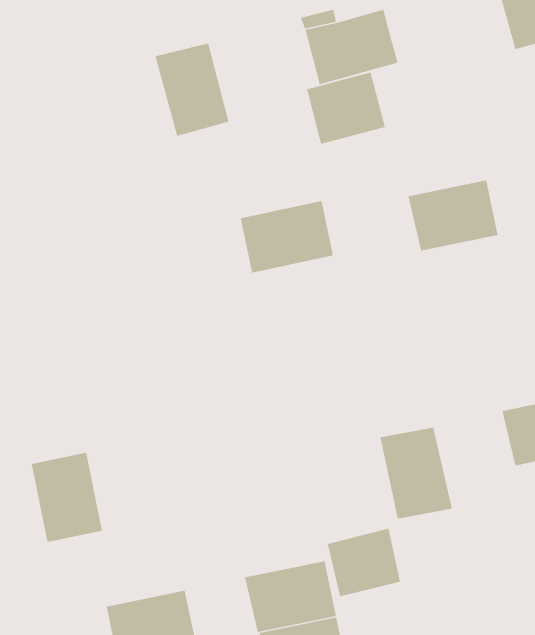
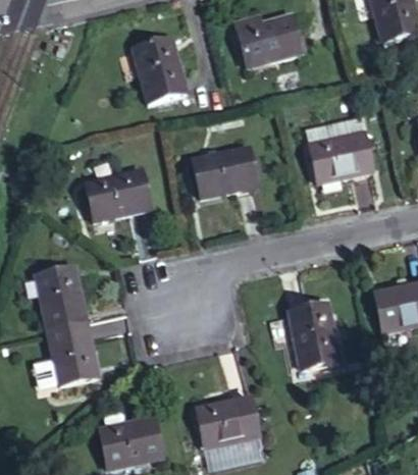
building: [306,72,386,145] -> none
building: none -> [86,170,150,220]
building: none -> [37,266,87,329]
building: [327,528,401,597] -> none

